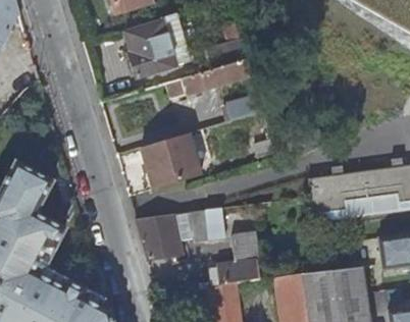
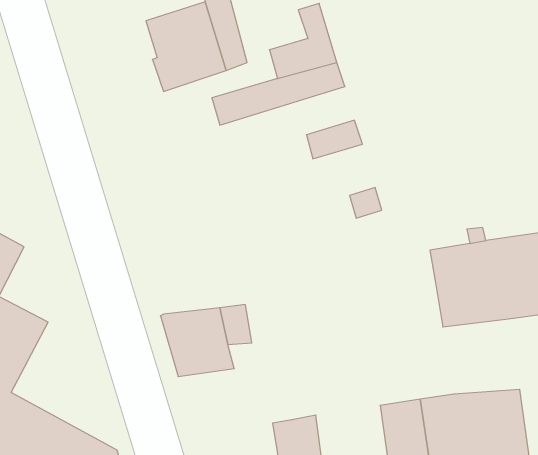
building: [141,133,203,190] -> none
building: [190,209,225,239] -> none
building: [210,233,260,286] -> none

